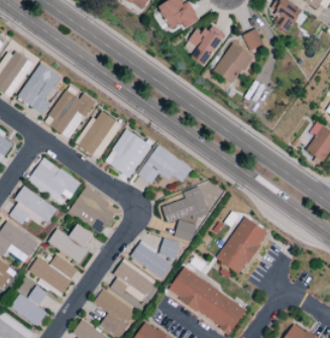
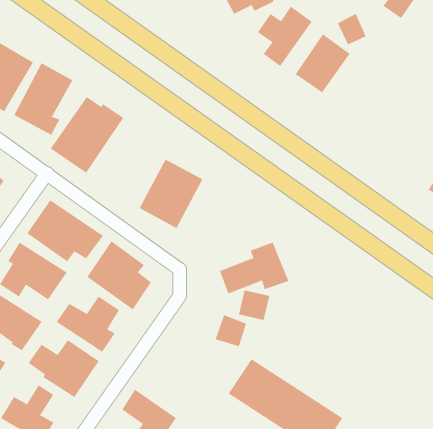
building: [77,110,122,159] -> none
building: [138,145,193,184] -> none
building: [216,217,268,274] -> none
building: [130,242,173,278] -> none
building: [110,258,156,302] -> none

